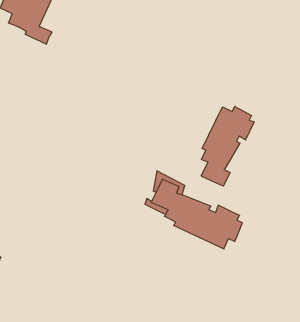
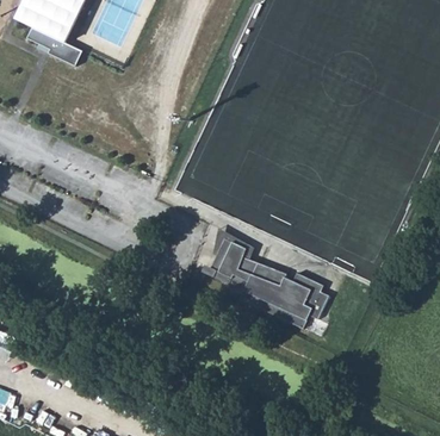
building: [201,106,254,186] -> none

